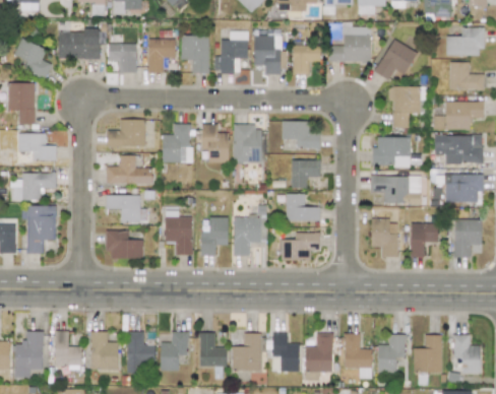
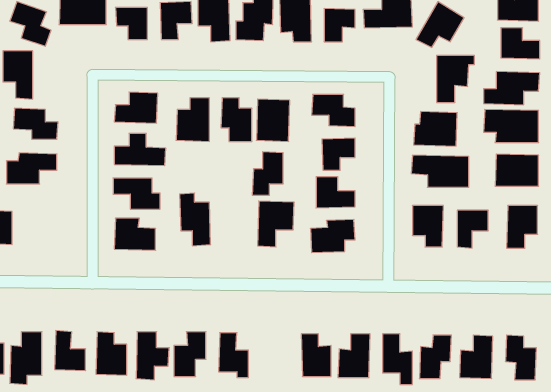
building: [26,205,56,254] -> none
building: [200,216,228,255] -> [252,152,283,195]
building: [232,333,260,371] -> none

